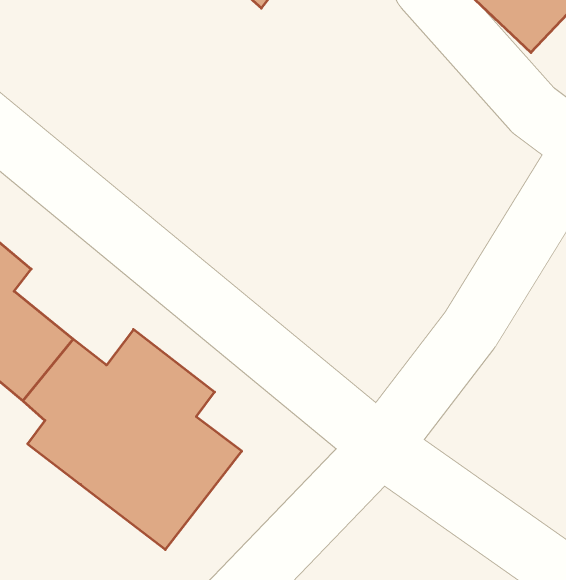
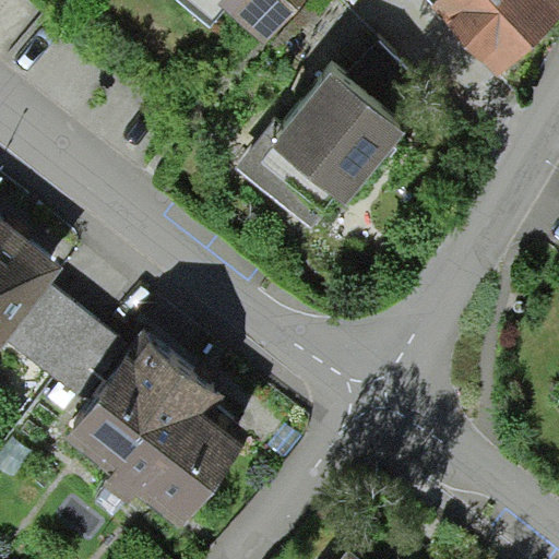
building: none -> [241,59,405,229]

